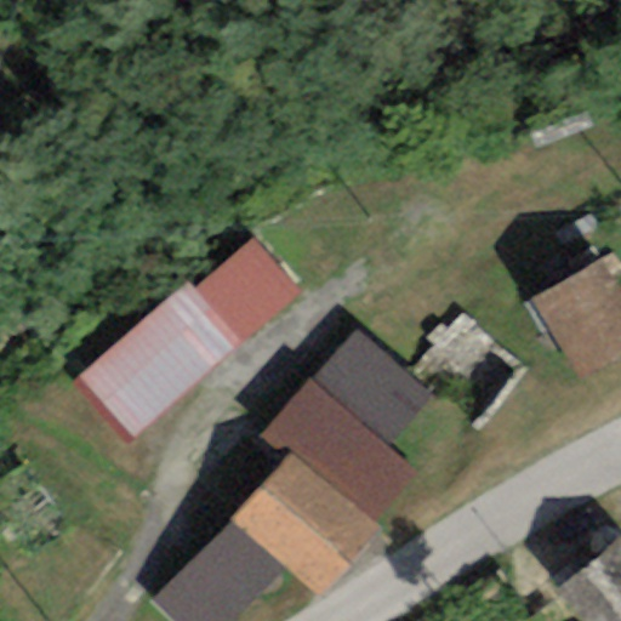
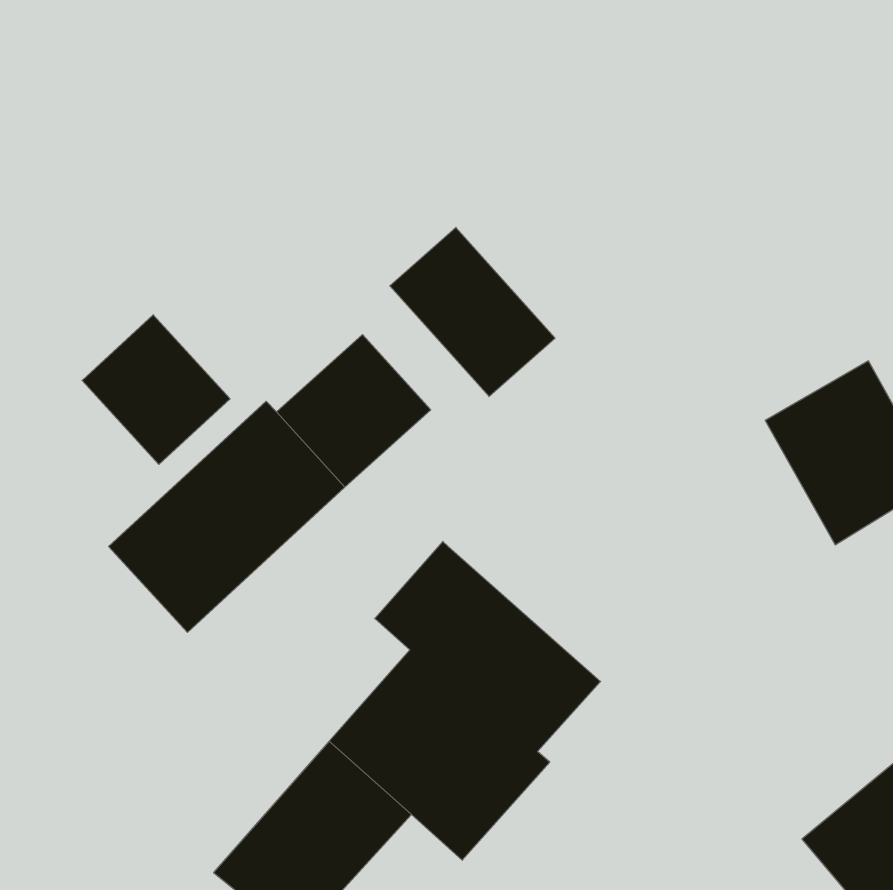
building: none -> [390,227,555,397]
building: none -> [82,315,230,464]
building: [312,330,434,449] -> none

